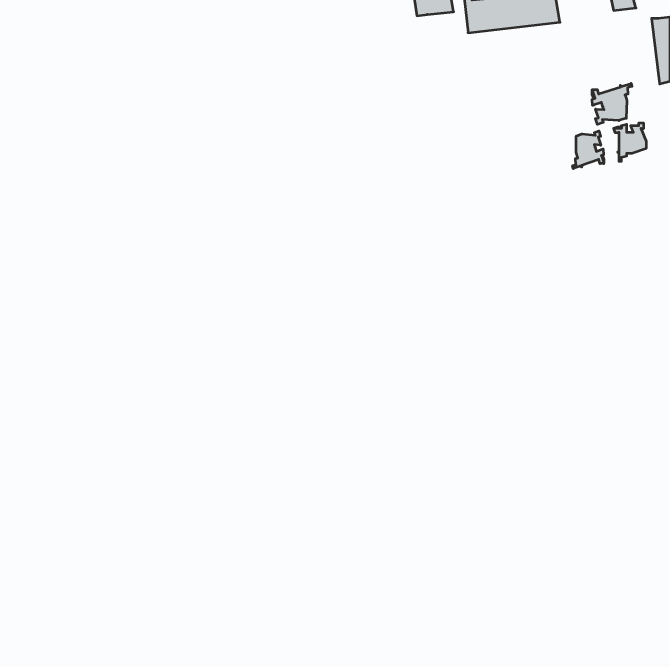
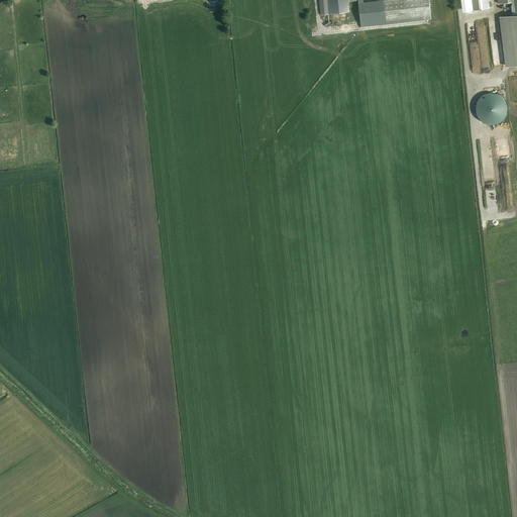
building: [592,83,632,124] -> none
building: [573,131,604,169] -> none

